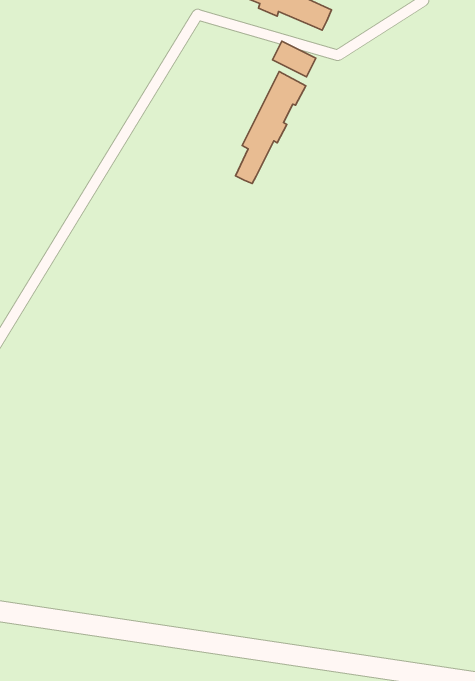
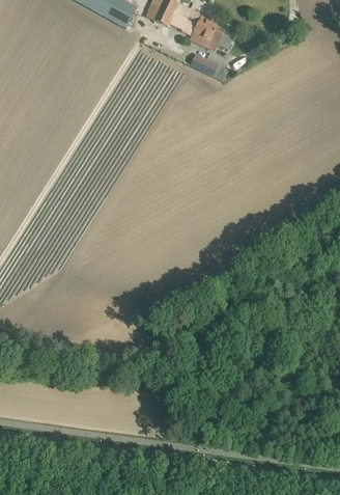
building: [236,72,306,184] -> none

